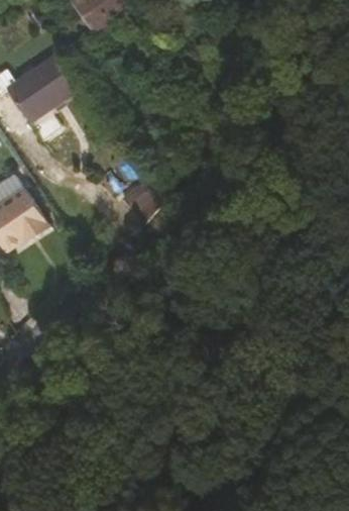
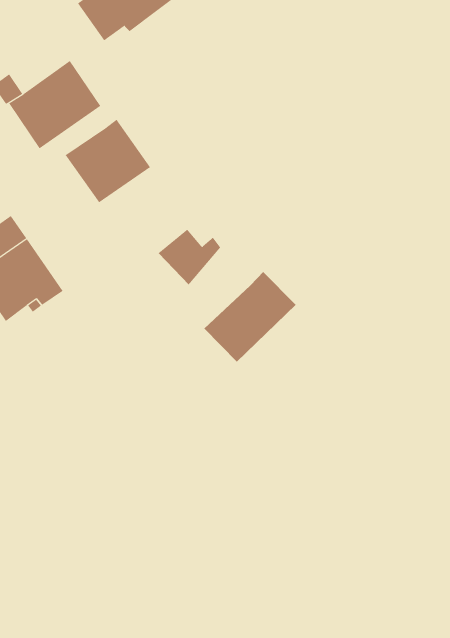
building: none -> [65,119,151,203]
building: none -> [203,271,297,362]

